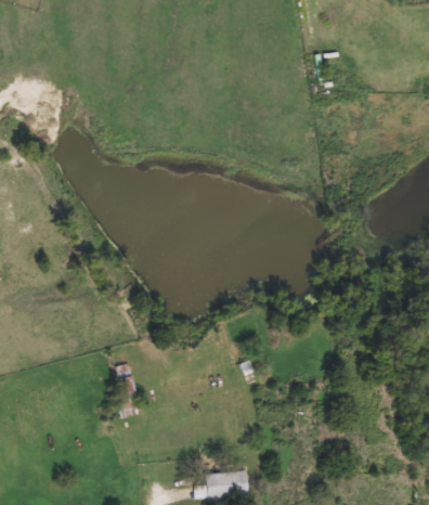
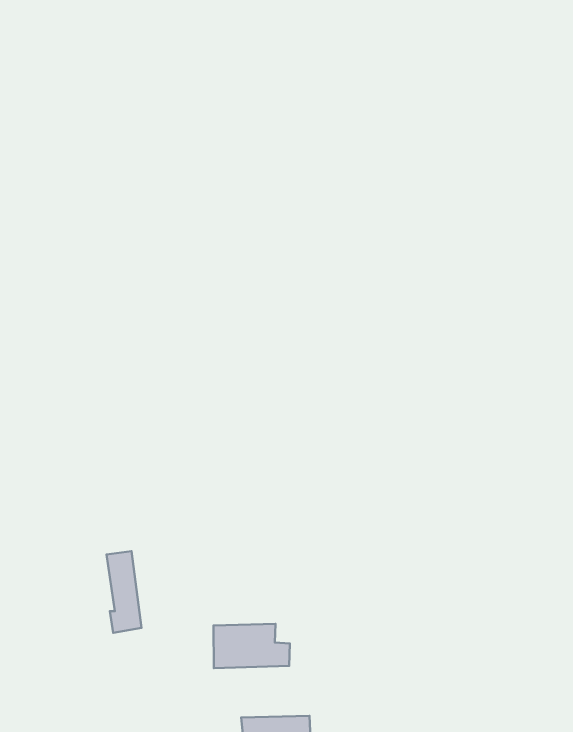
building: none -> [214,624,290,668]

